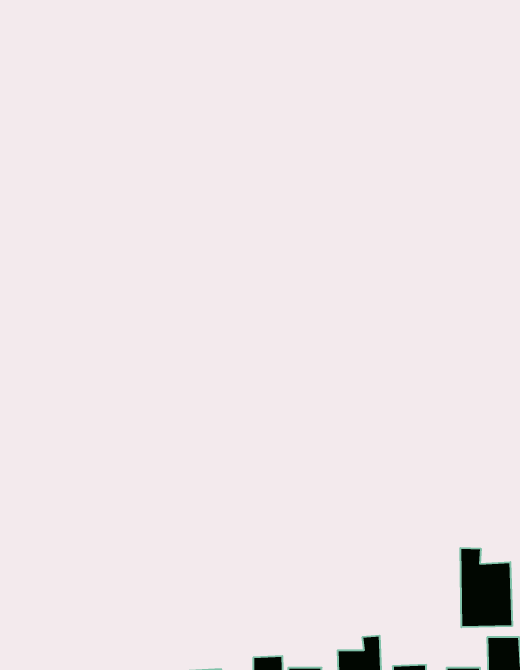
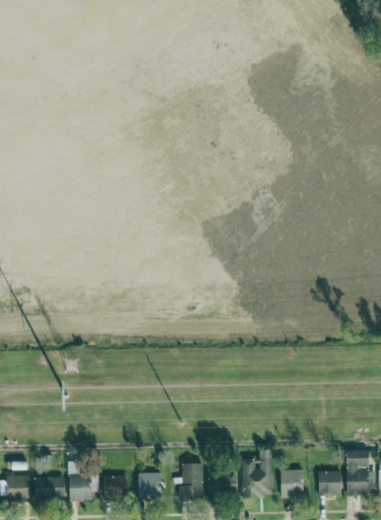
building: [460,548,512,627] -> none

